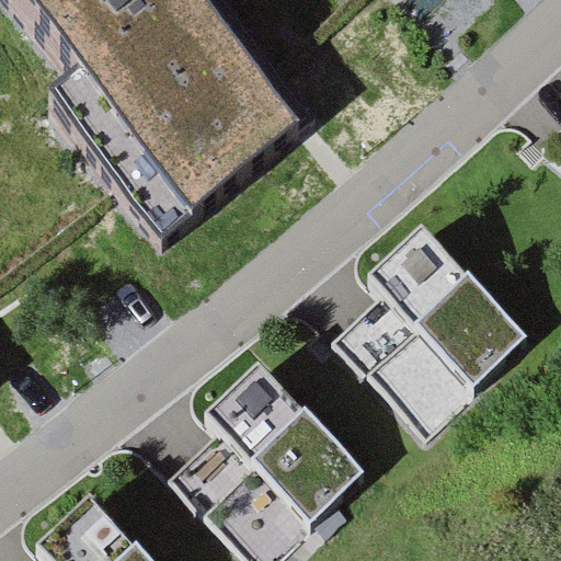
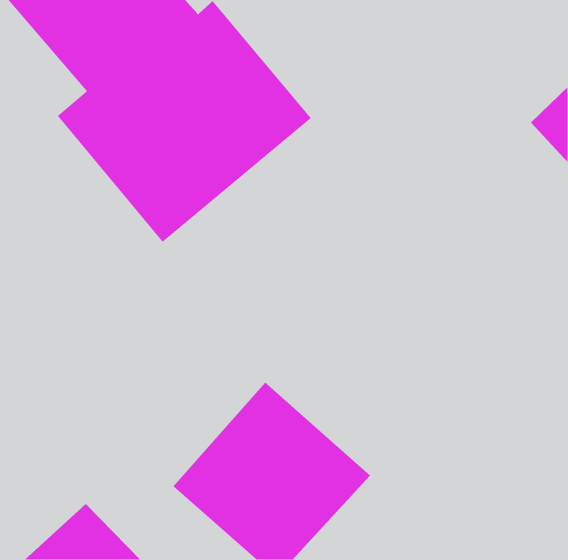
building: [321,228,530,437] -> none

